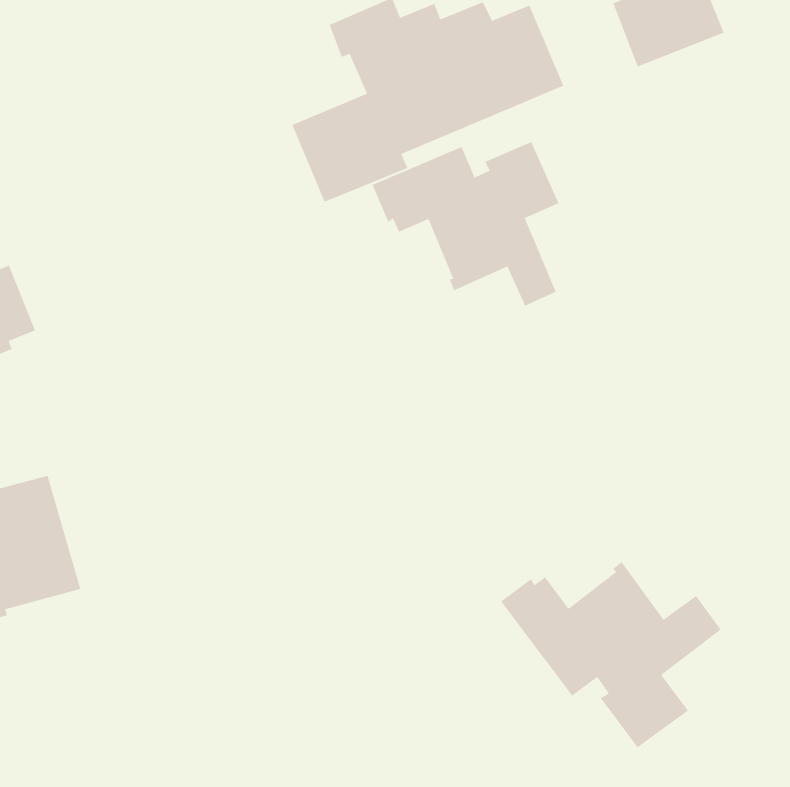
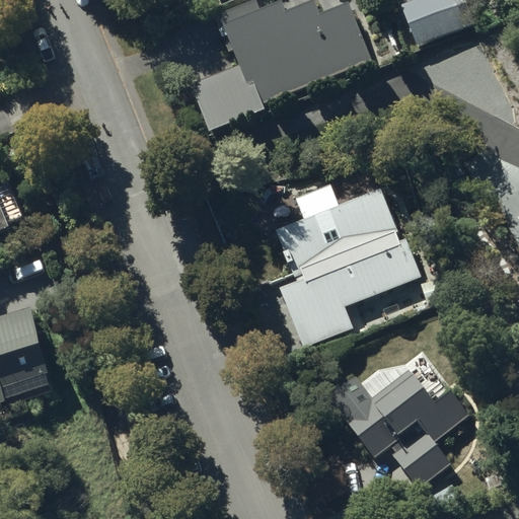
building: [372,141,559,307] -> none
building: none -> [276,181,441,346]

